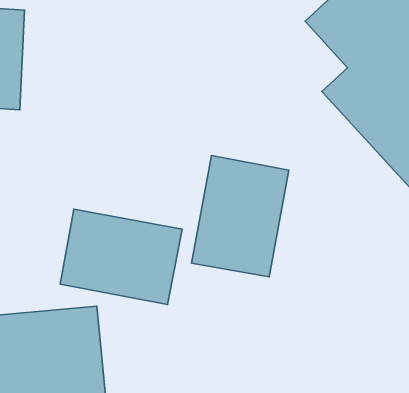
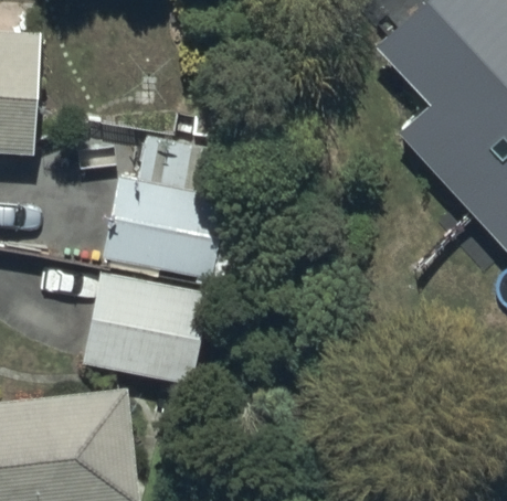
building: none -> [102,180,240,281]
building: [192,156,289,277] -> none

